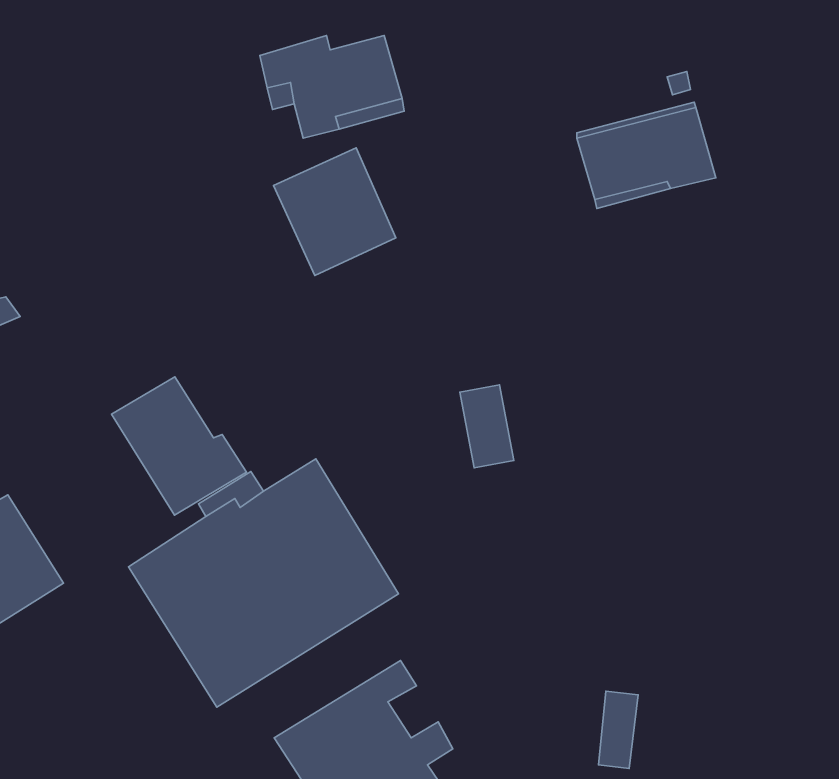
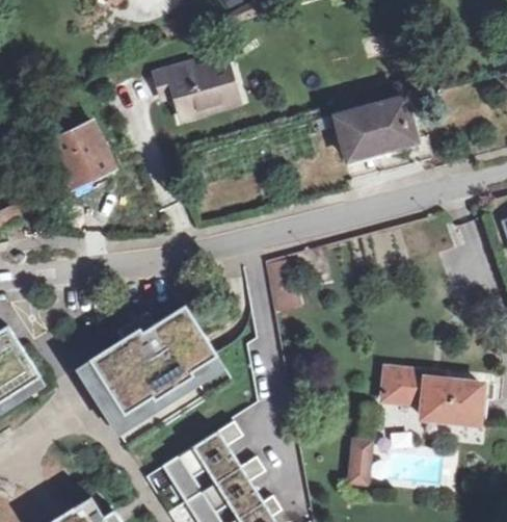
building: [273,148,396,276] -> [48,116,118,190]
building: [111,377,247,515] -> none
building: none -> [382,368,482,423]

